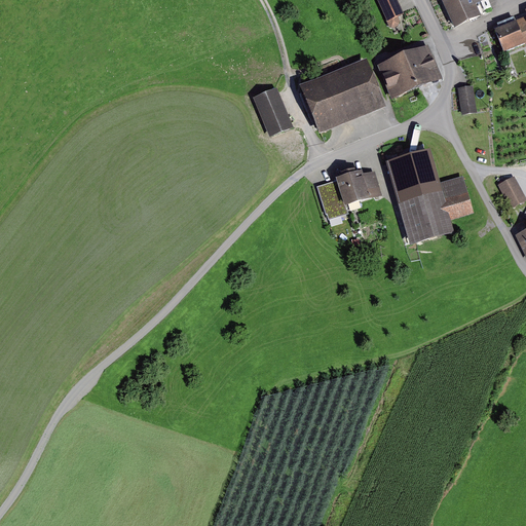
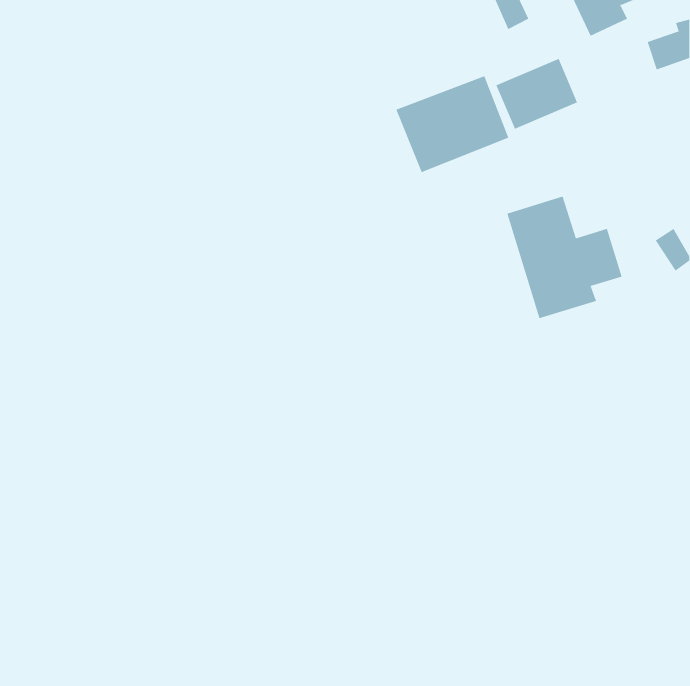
building: [456,85,478,114] -> none
building: [252,87,294,137] -> none
building: [317,165,384,218] -> none

